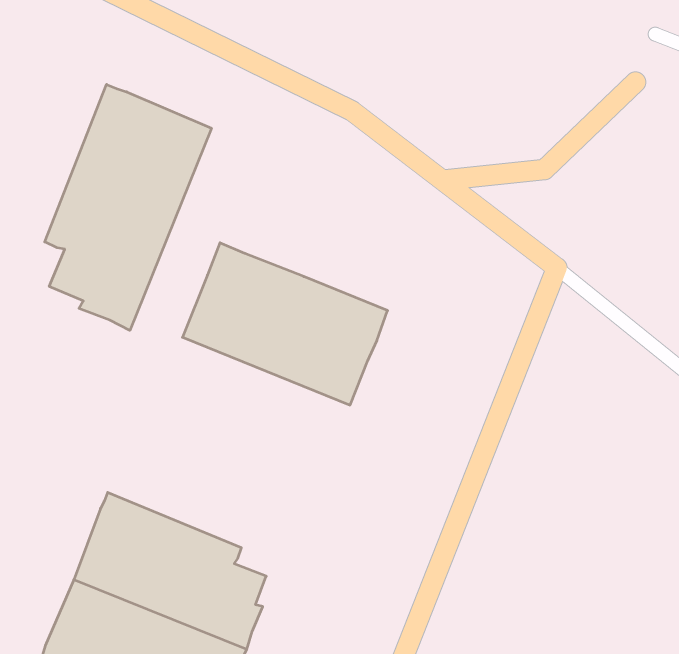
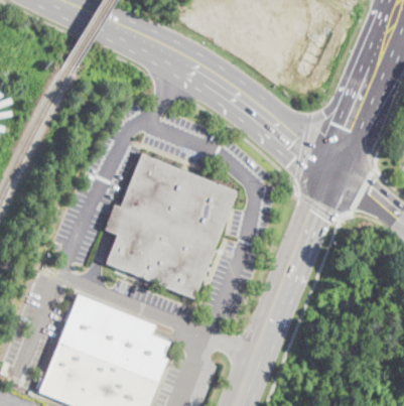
building: [45,84,211,330] -> none
building: none -> [104,205,216,299]

